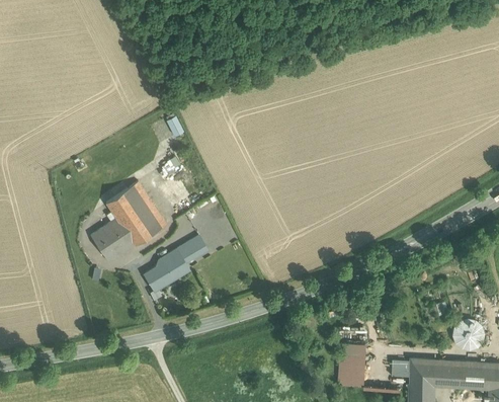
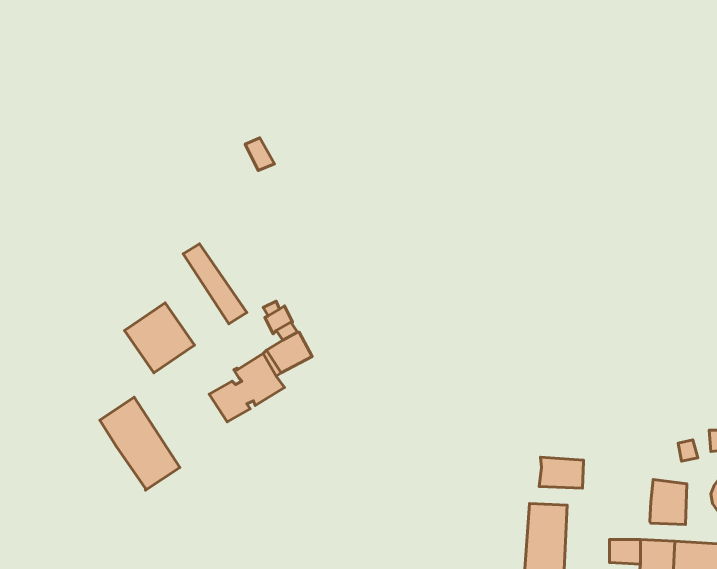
building: [106,186,156,244] -> [100,397,180,490]
building: none -> [539,457,584,488]
building: none -> [650,480,687,525]

